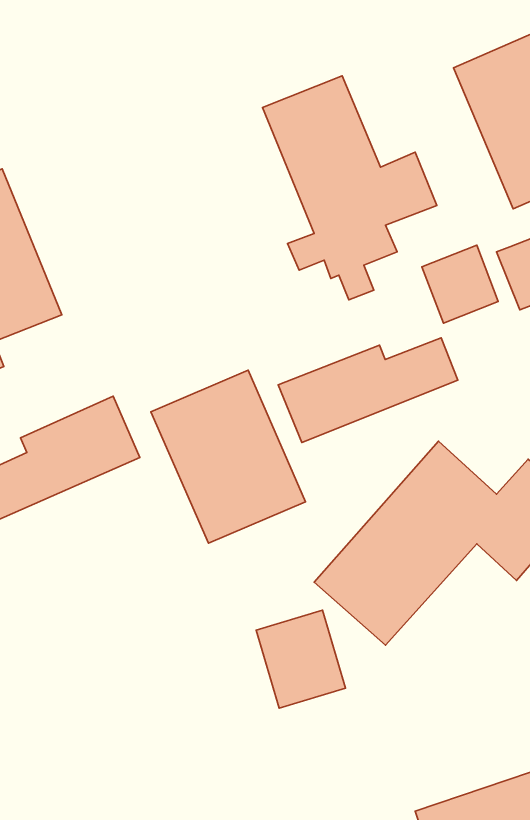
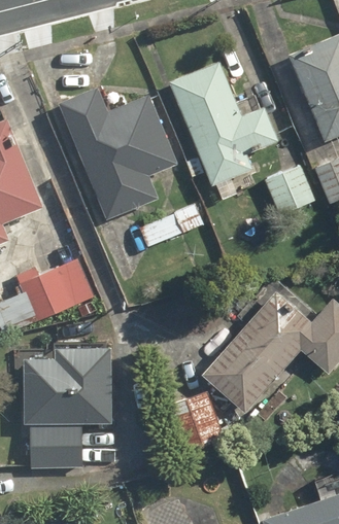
building: none -> [61,88,179,219]
building: [278,338,458,443] -> none
building: [151,370,306,543] -> none
building: none -> [22,342,117,471]

